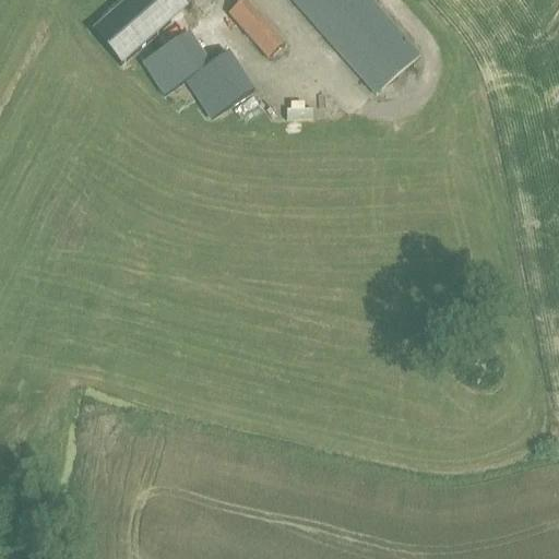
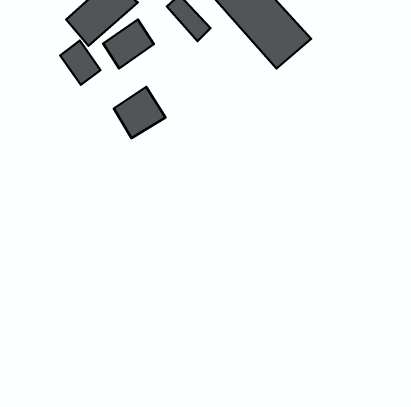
building: [186,47,255,117] -> [114,87,165,138]
building: none -> [60,41,100,85]

